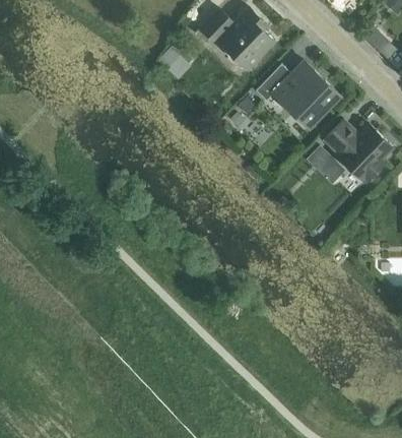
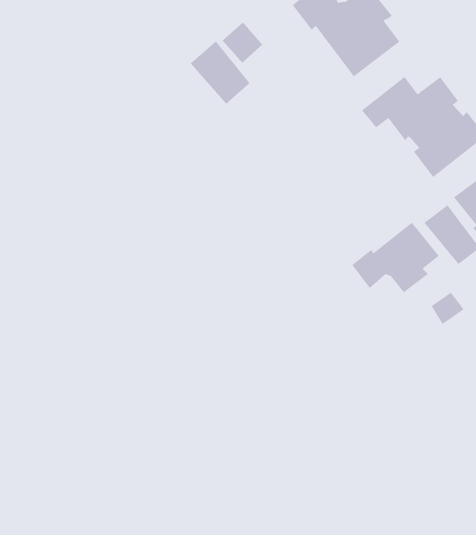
building: none -> [190,40,250,105]
building: none -> [351,222,440,293]

